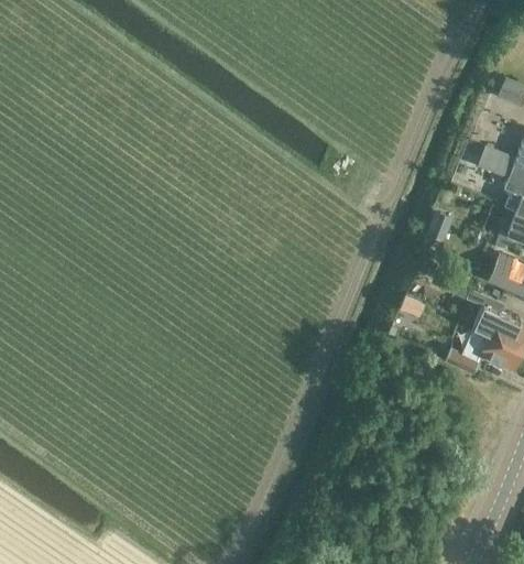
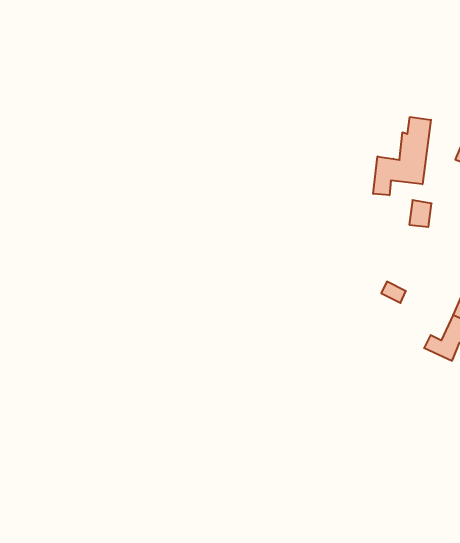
building: none -> [373,117,431,195]

